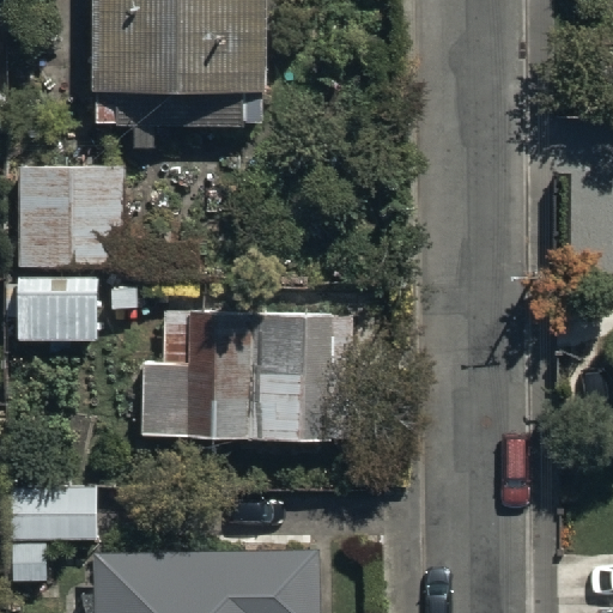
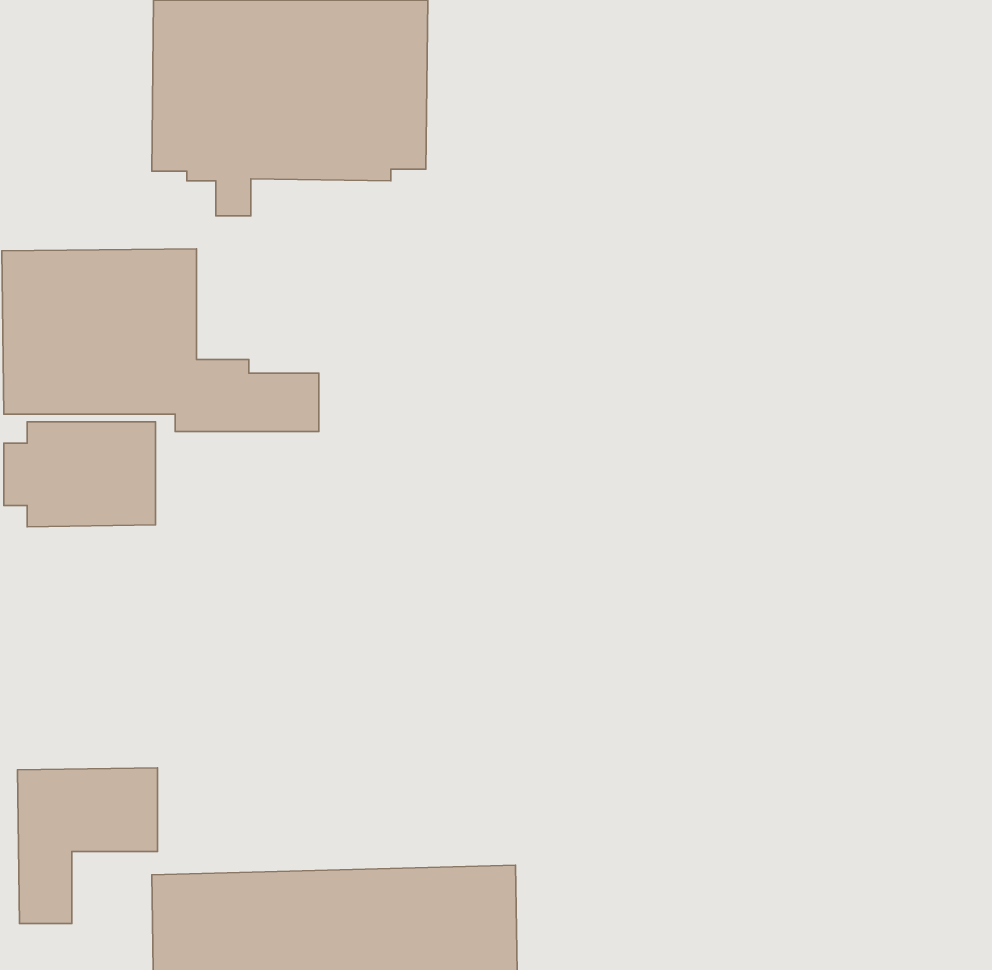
building: [142,314,351,436] -> none

